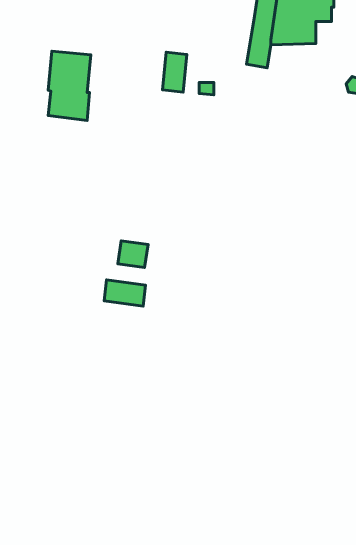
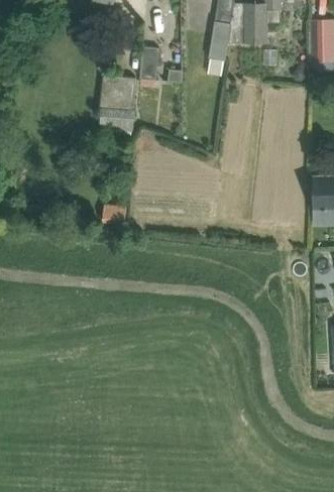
building: [48,51,91,121] -> [100,75,135,132]
building: [104,280,146,306] -> none

